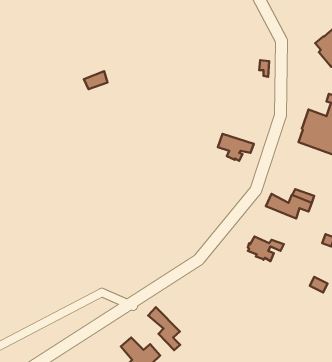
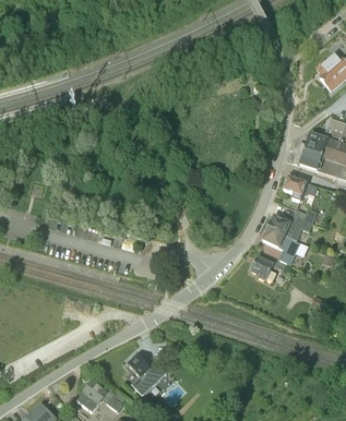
building: [218,134,254,161] -> [282,177,317,203]
building: none -> [261,227,300,264]
building: [148,307,180,350] -> none

